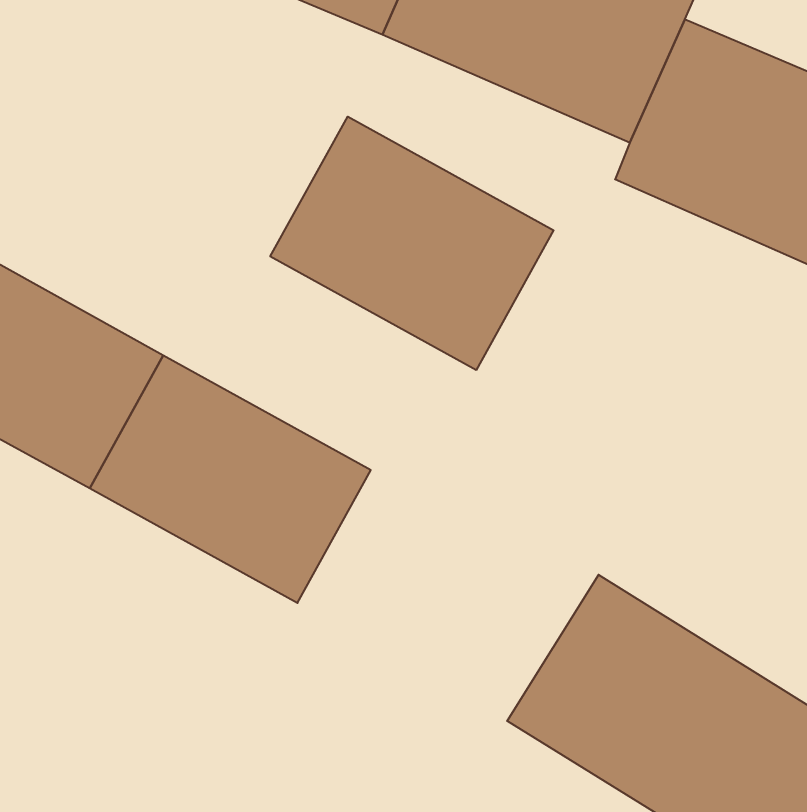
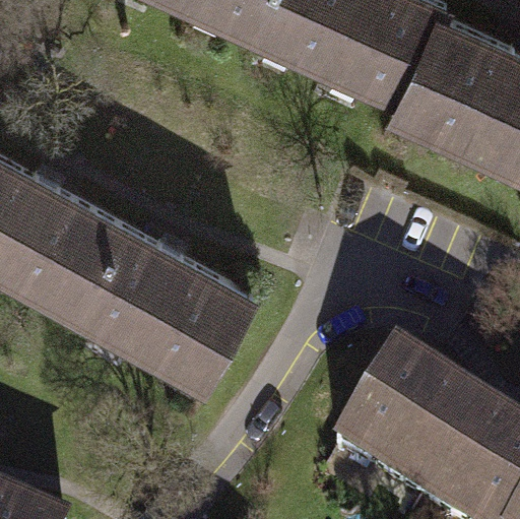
building: [270,117,554,370] -> none

